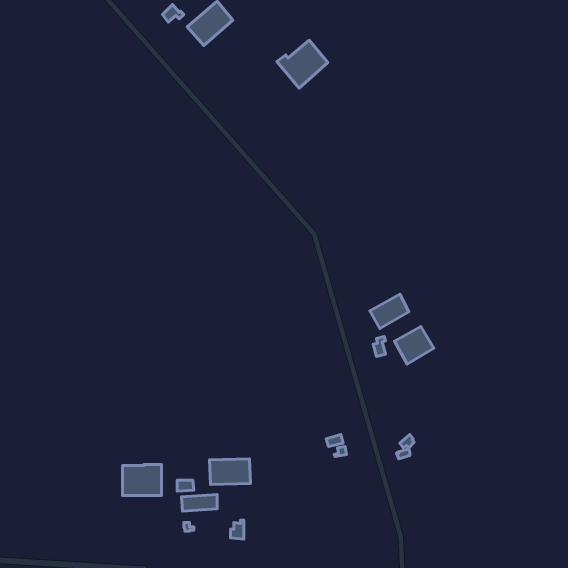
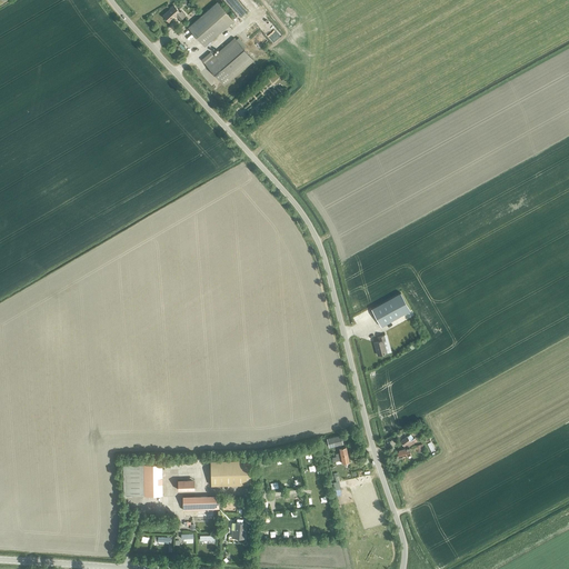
building: [277,40,328,88] -> [201,39,252,87]
building: [395,326,434,364] -> none

